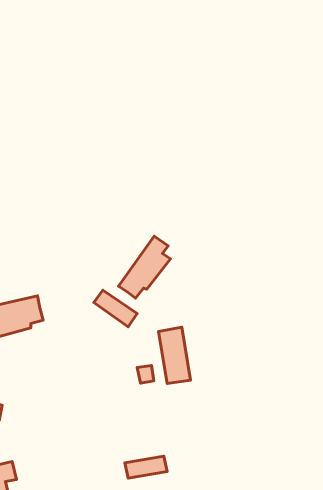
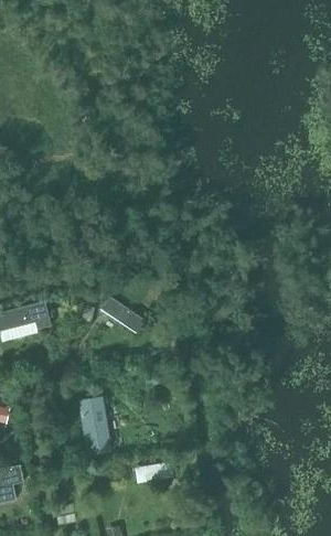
building: [119,236,170,298] -> none
building: [158,327,191,384] -> [81,397,113,453]

